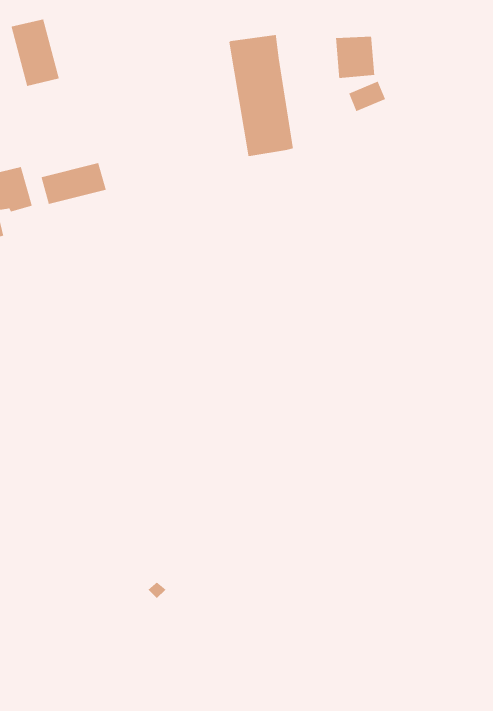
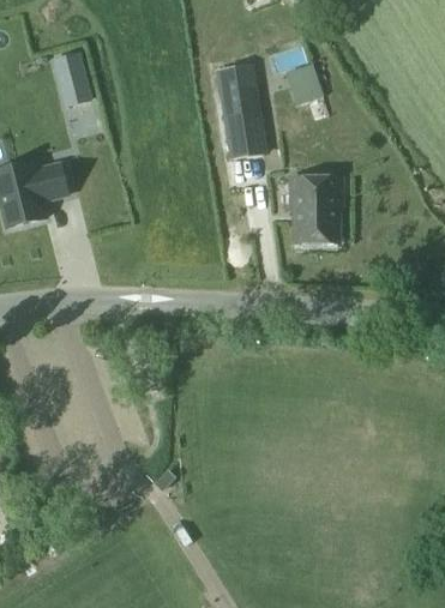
building: [41,162,107,205] -> none
building: none -> [290,177,343,242]

